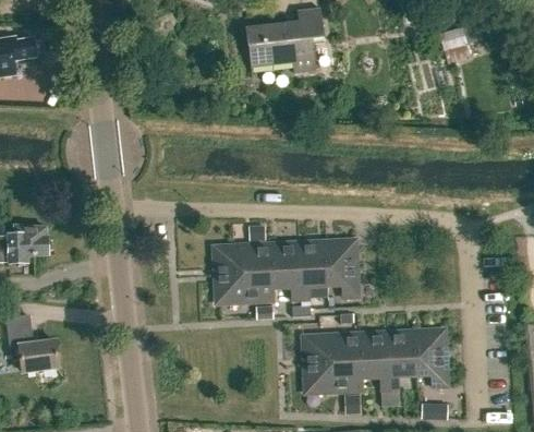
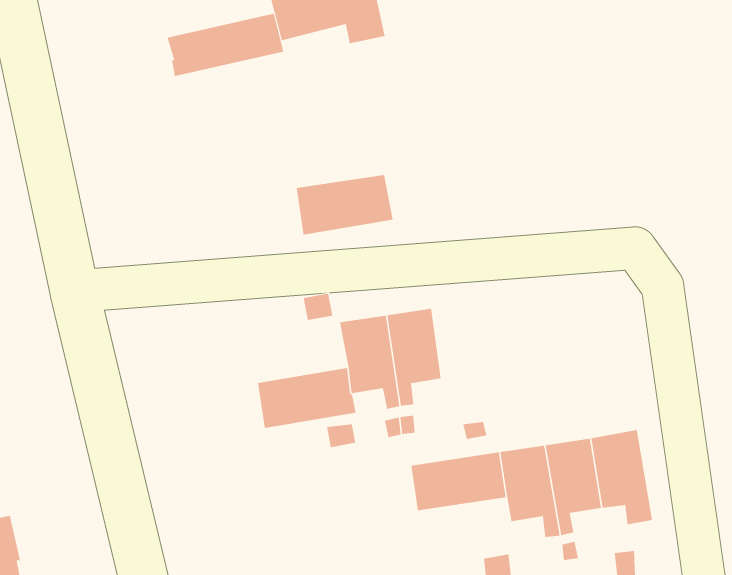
building: none -> [167,13,284,77]
building: [327,240,359,297] -> none
building: [214,243,271,275] -> [296,174,394,235]
building: [304,362,362,393] -> none

